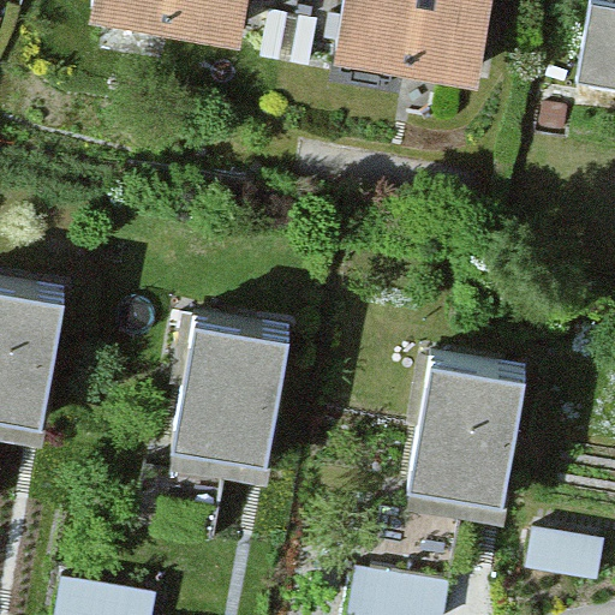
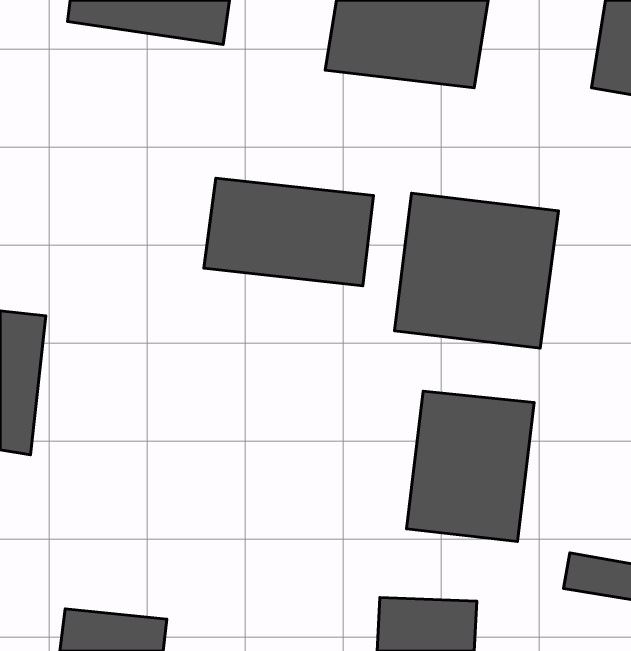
building: none -> [204,178,374,286]
building: none -> [395,193,558,348]
building: [165,320,283,461] -> none

